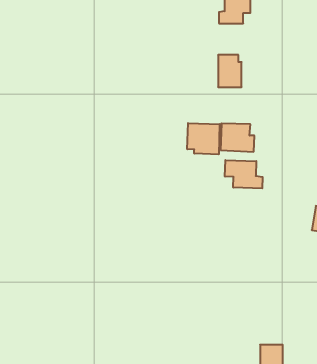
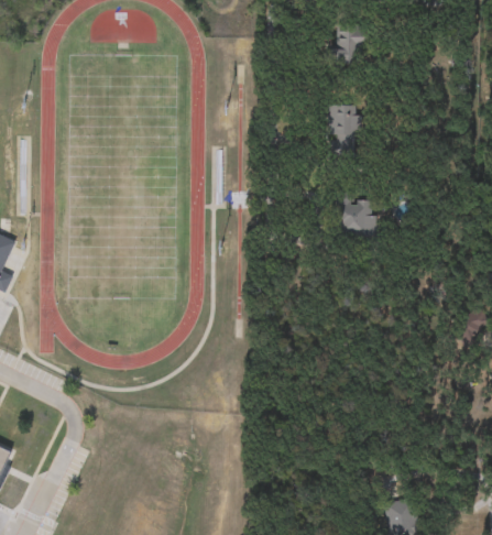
building: [187,123,220,154] -> none
building: [225,160,263,188] -> none

